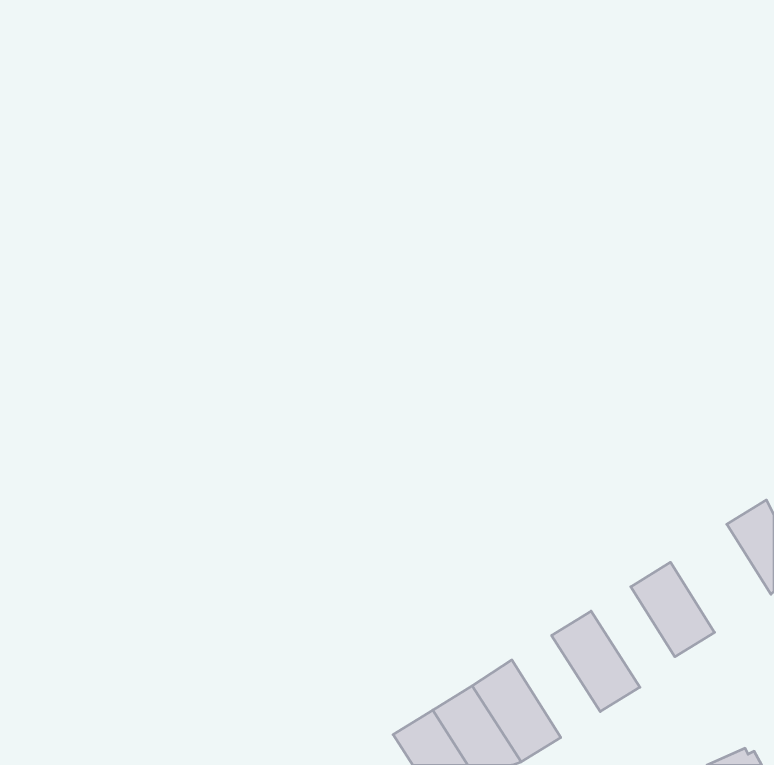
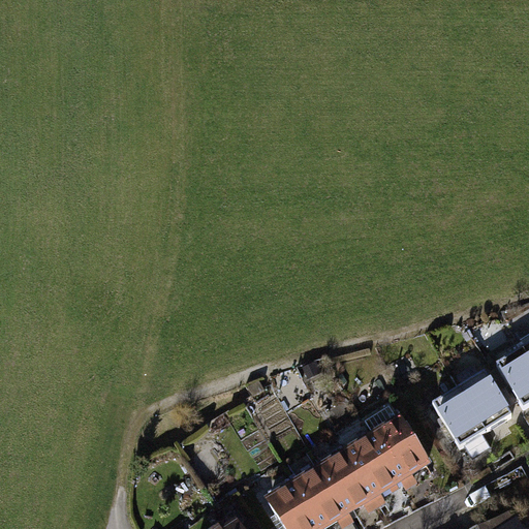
building: none -> [455,365,510,429]
building: none -> [347,431,407,500]

